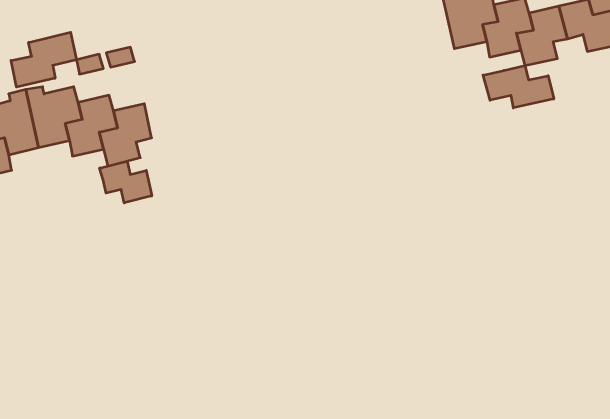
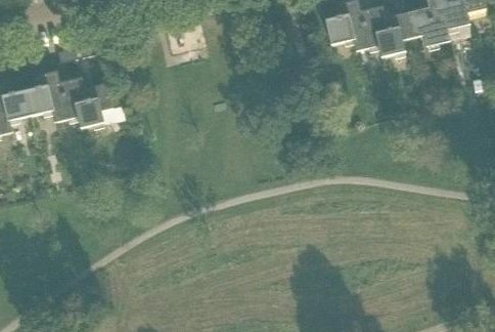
building: [11,32,77,87] -> none
building: [483,66,554,108] -> none
building: [100,161,152,203] -> none

